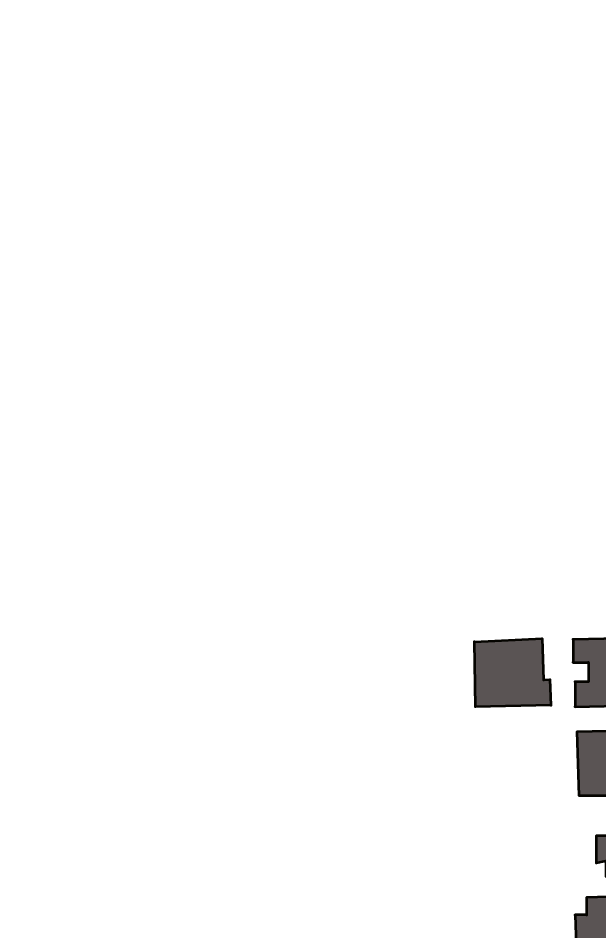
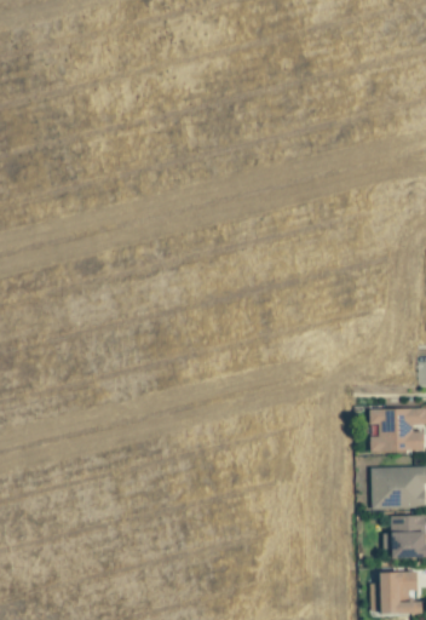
building: [474,639,551,707] -> none

